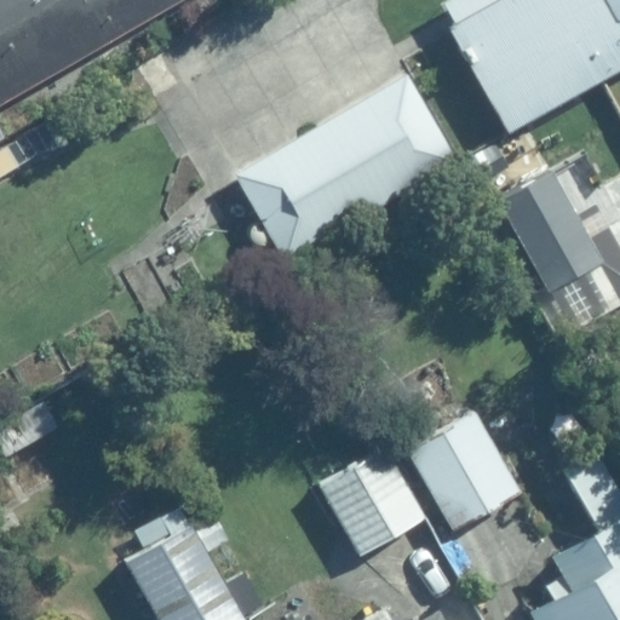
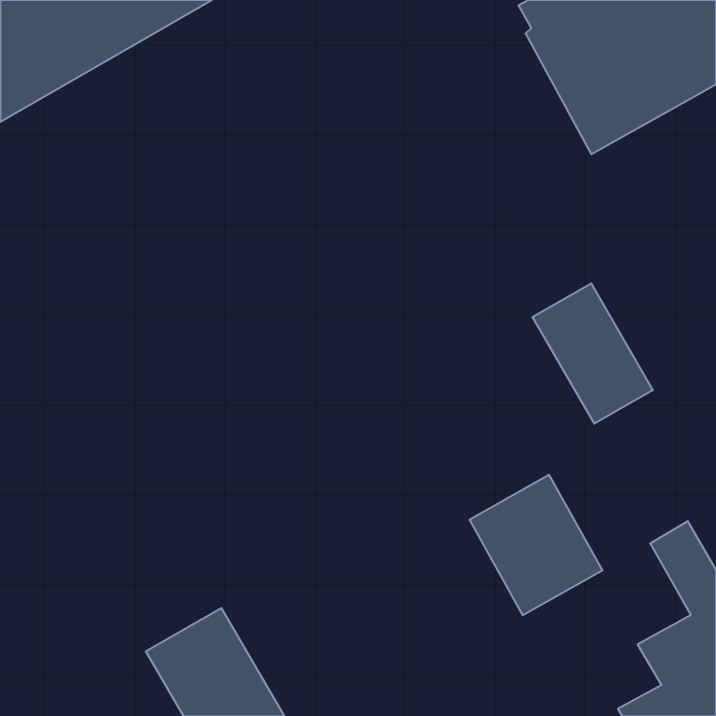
building: [235,78,453,256] -> none
building: [498,171,602,292] -> [532,283,653,424]
building: [318,446,426,557] -> none

